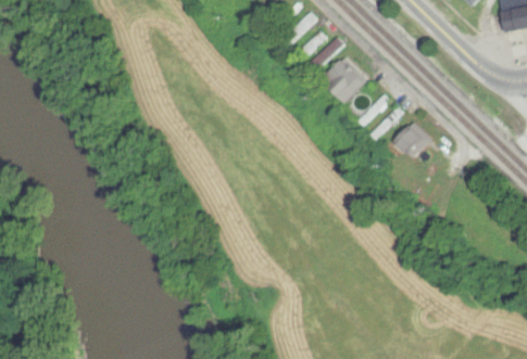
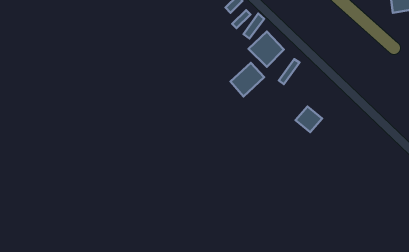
building: none -> [230,63,264,96]
building: [397,121,430,154] -> [296,107,322,132]

